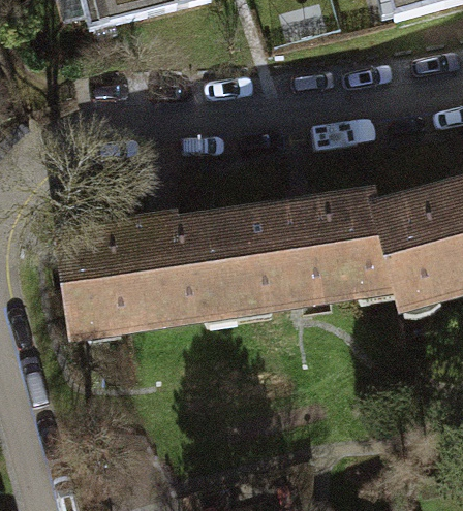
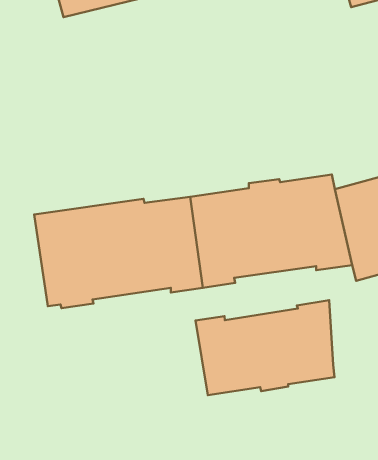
building: none -> [196,300,334,395]

